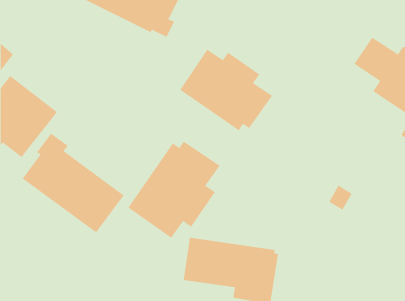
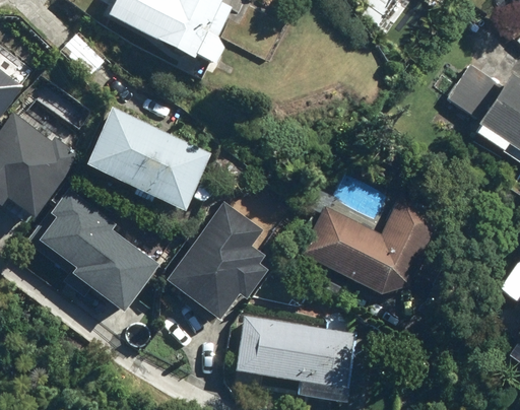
building: [179,49,273,131] -> none
building: none -> [83,104,211,210]
building: none -> [302,196,438,292]

